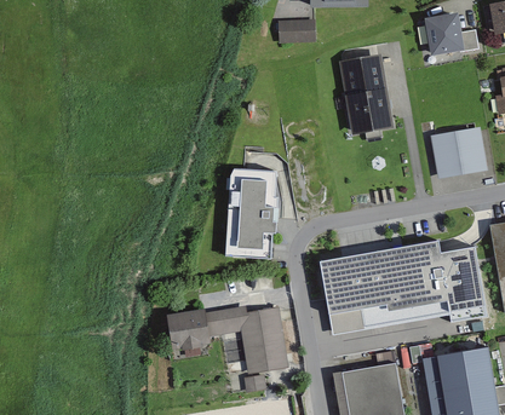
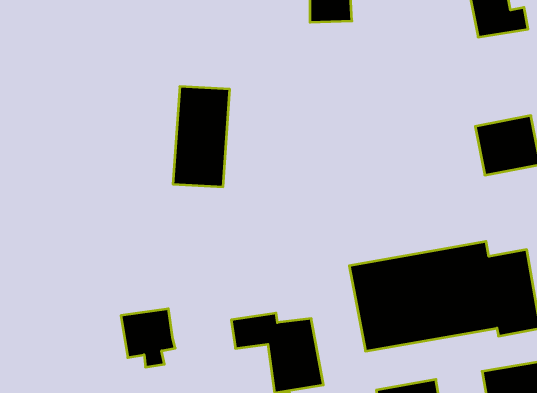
building: [338,48,401,139] -> none
building: [224,168,275,258] -> [173,87,230,187]
building: [168,309,217,361] -> [121,309,175,367]

